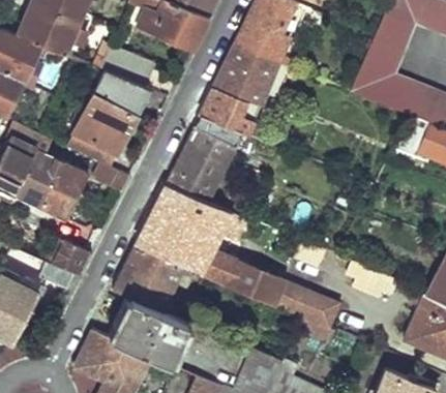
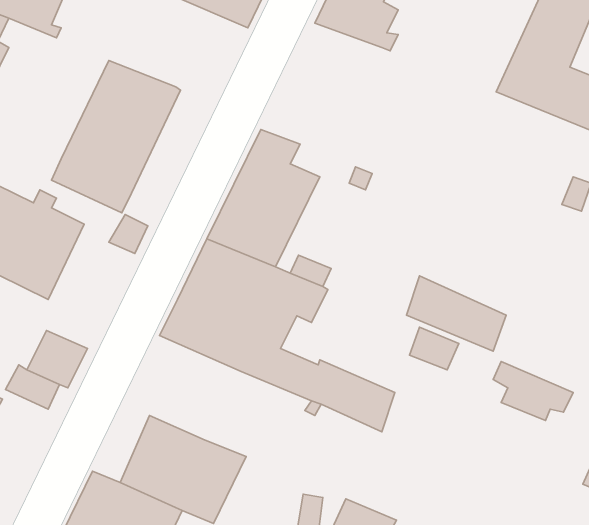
building: [199,47,275,123] -> none
building: [100,49,153,87] -> none
building: [113,244,186,310] -> none
building: [275,280,338,328] -> [406,276,506,351]

